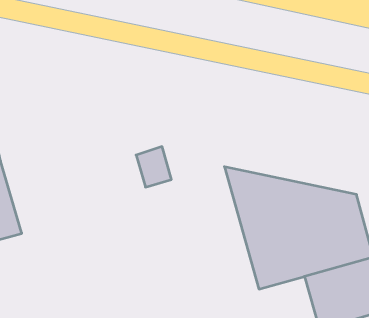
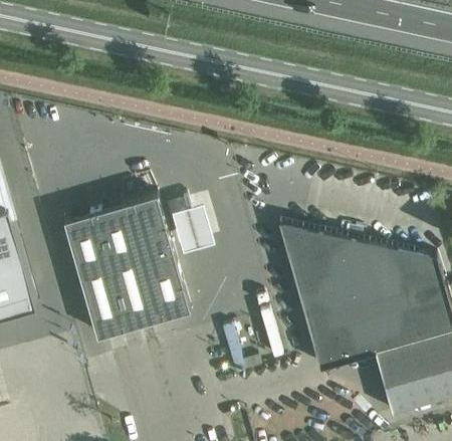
building: none -> [63,197,190,339]

